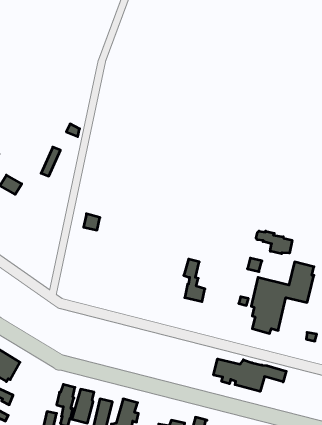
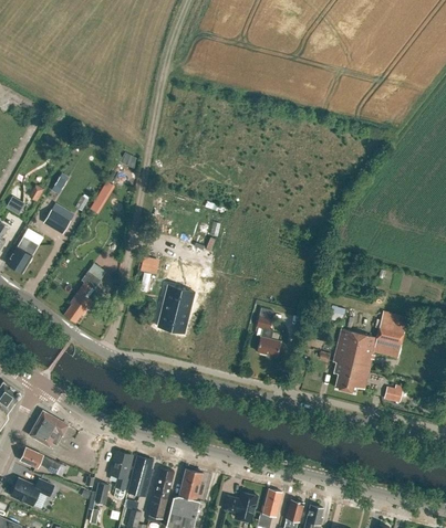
building: none -> [64,270,101,321]
building: [256,231,292,254] -> none
building: none -> [156,286,191,331]
building: [214,359,286,391] -> none

